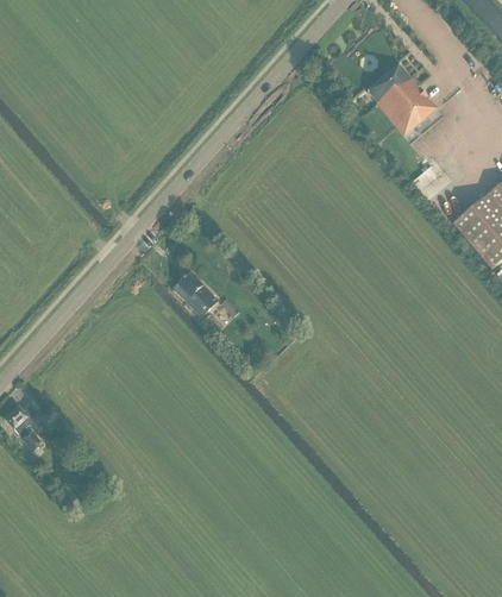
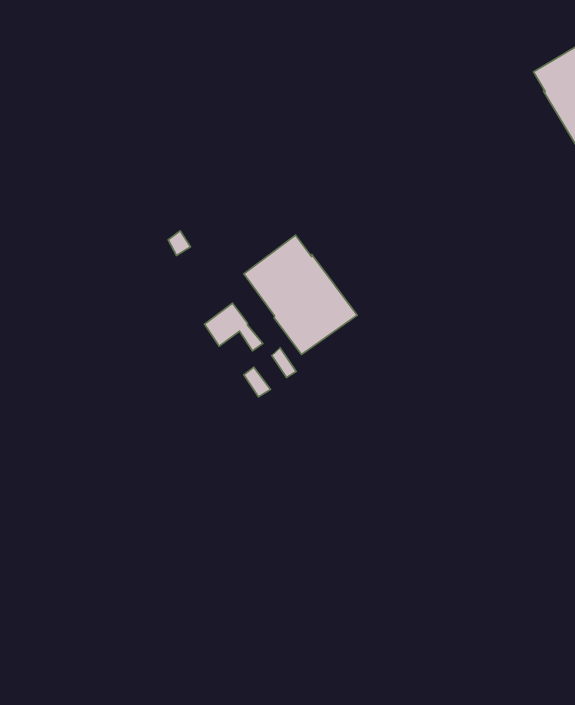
building: none -> [244,235,357,355]

